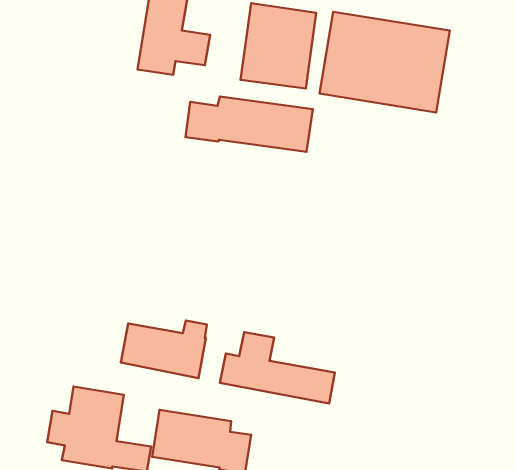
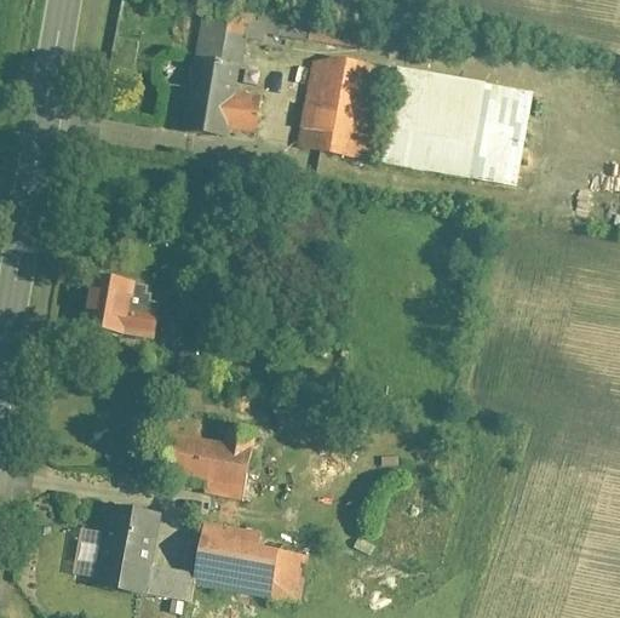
building: [185,97,313,152] -> none
building: none -> [80,273,161,333]
building: [220,332,335,404] -> none

